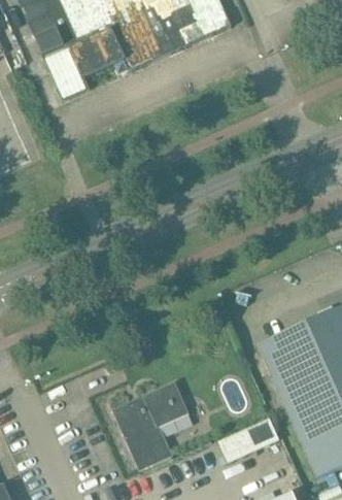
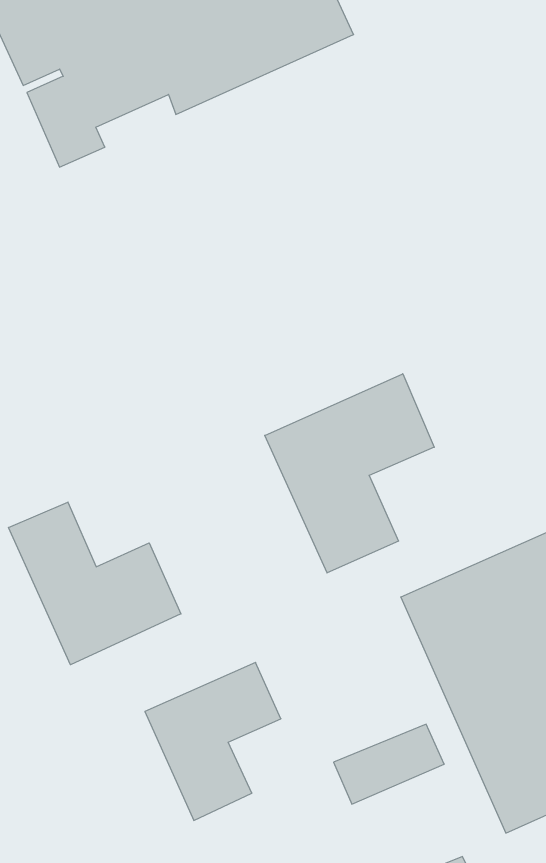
building: none -> [265,374,434,573]
building: none -> [9,502,181,665]

